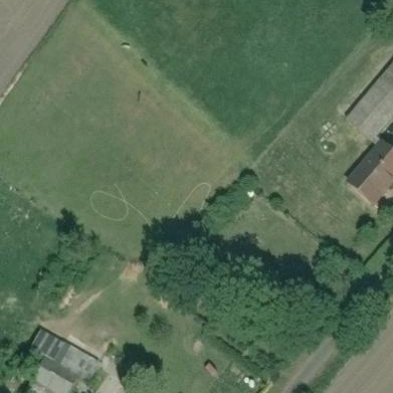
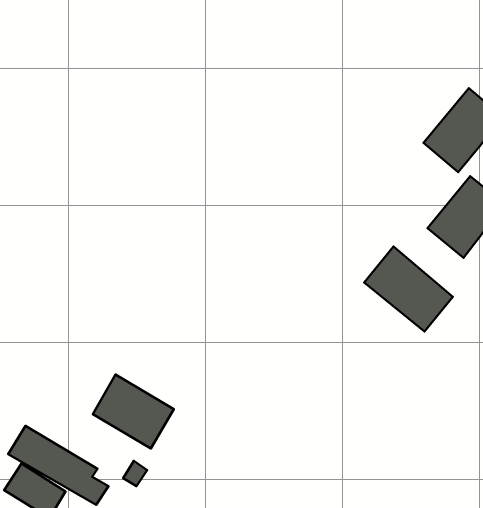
building: none -> [364,247,453,331]
building: none -> [93,375,174,449]

